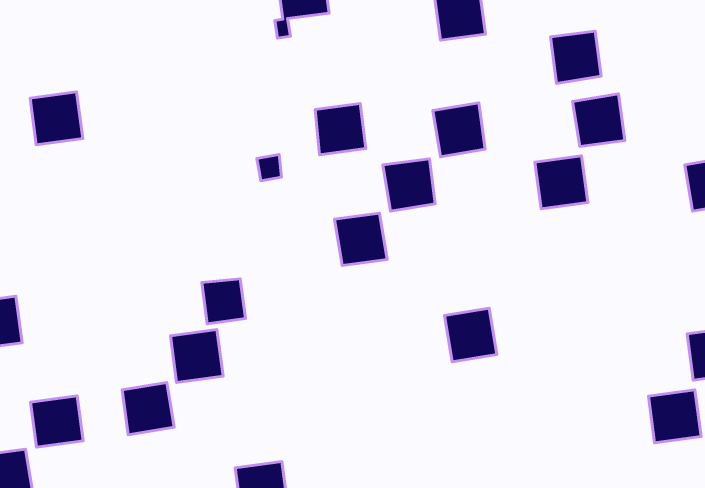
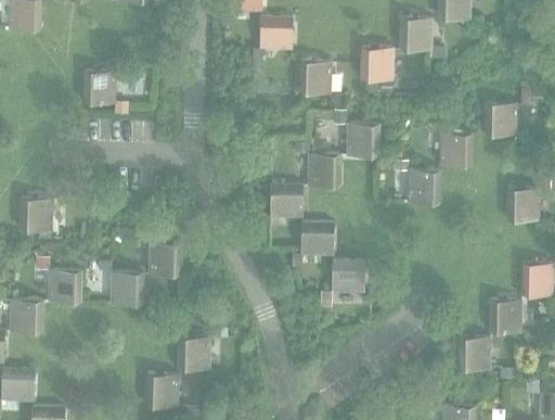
building: [550,31,601,84] -> [486,103,517,135]
building: [315,104,366,155] -> [298,62,331,93]
building: none -> [301,224,334,255]
building: [202,279,246,324] -> none

